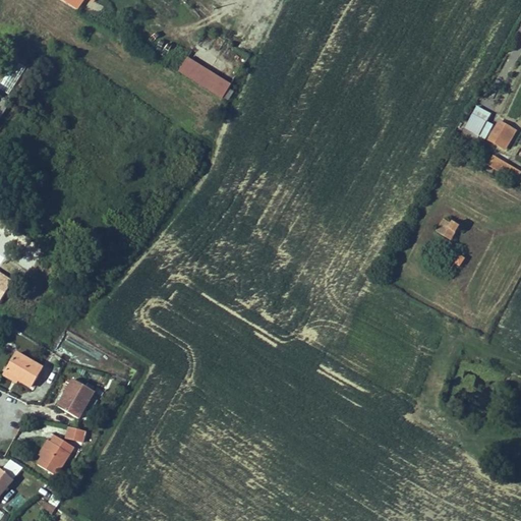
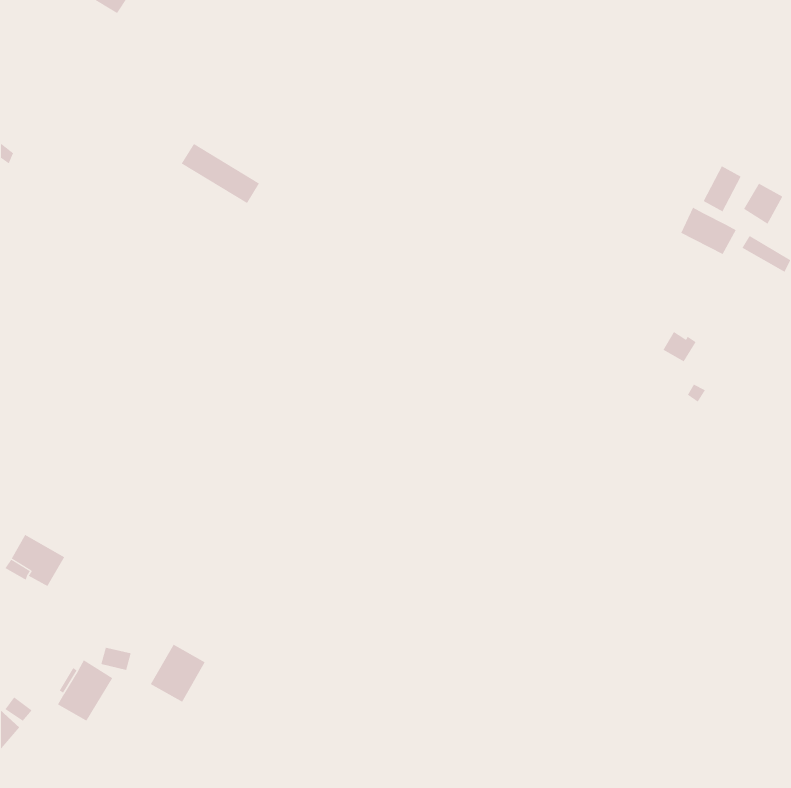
building: [179,57,231,97] -> [181,143,260,204]
building: none -> [680,207,736,255]
building: [58,379,95,417] -> [150,644,206,703]

